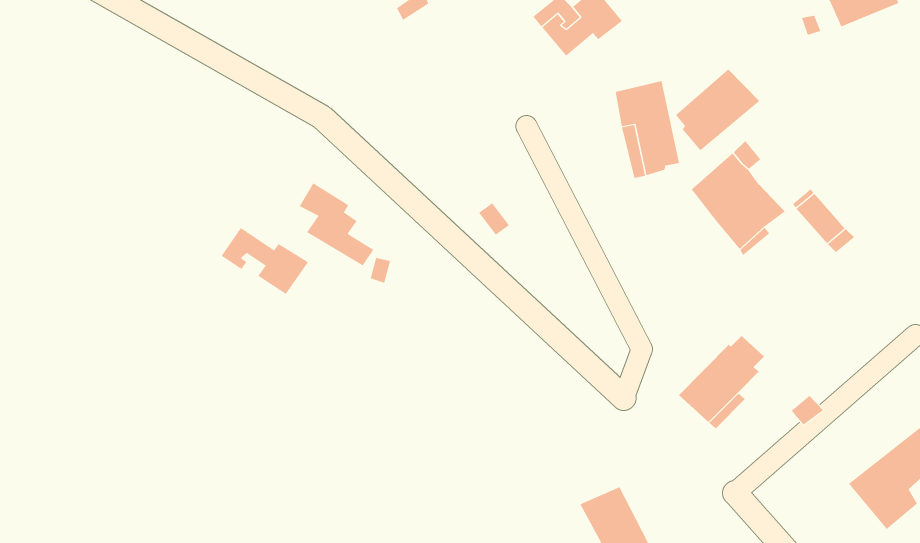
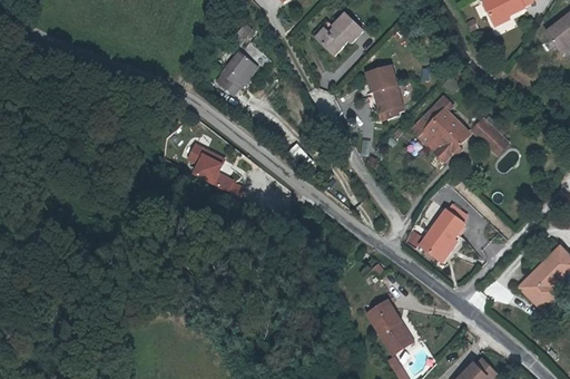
building: none -> [220,51,250,94]
building: [675,68,760,151] -> none
building: [221,227,309,295] -> none

